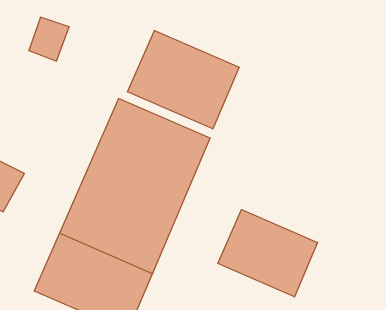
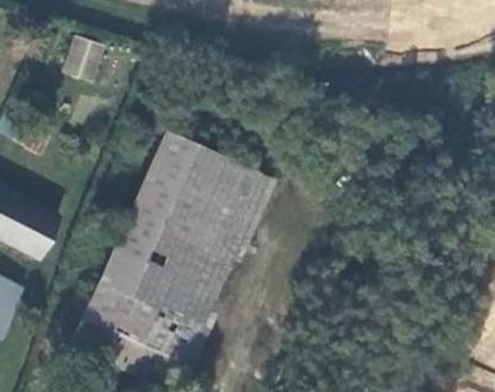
building: [127,30,239,129] -> none
building: [218,210,318,297] -> none

